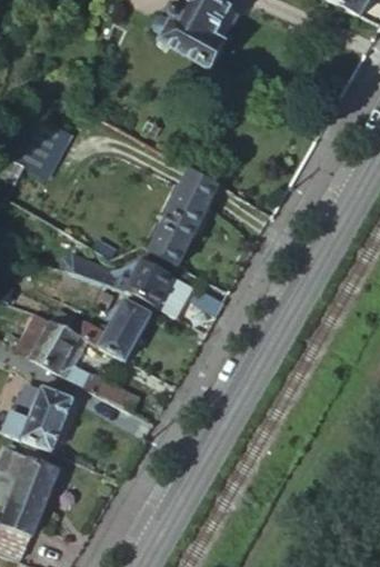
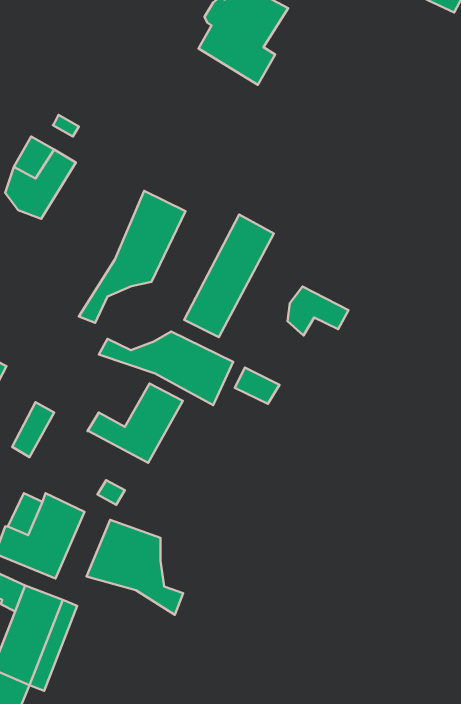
building: none -> [79,191,186,323]
building: none -> [287,286,348,336]
building: [31,321,77,371] -> none
building: none -> [86,520,183,615]

